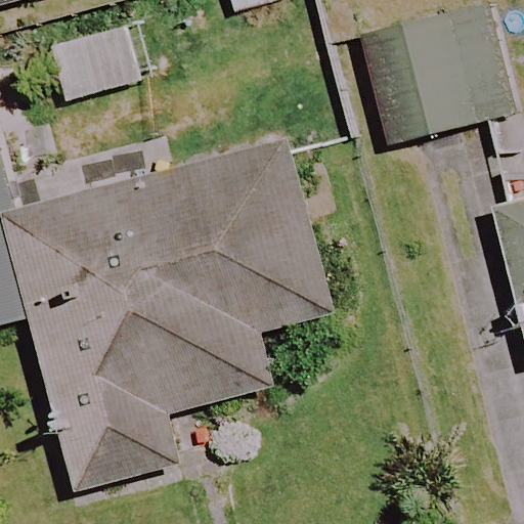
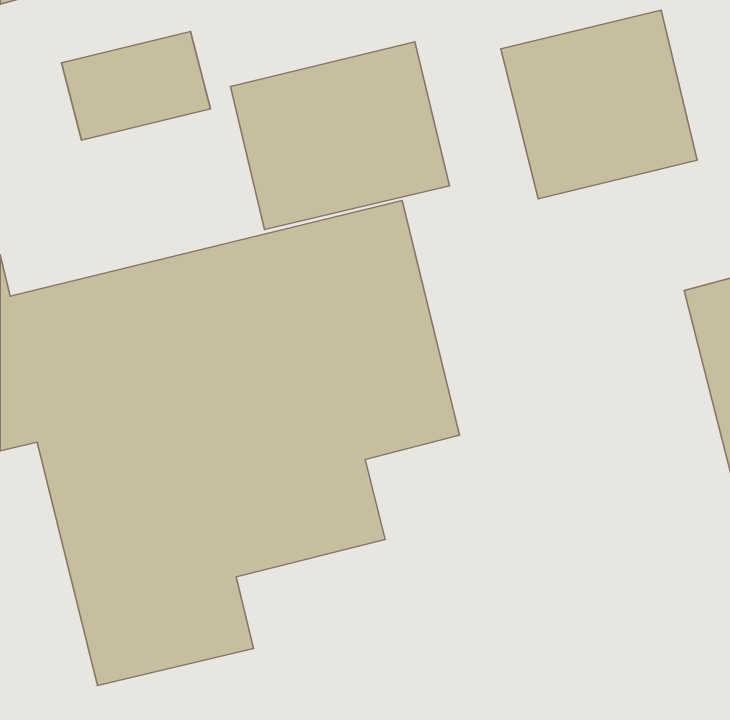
building: none -> [231,42,450,230]

